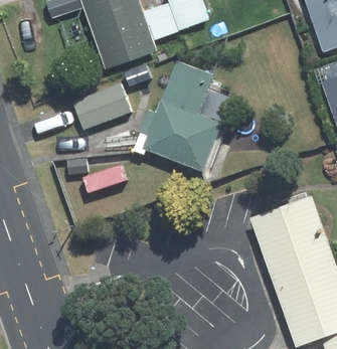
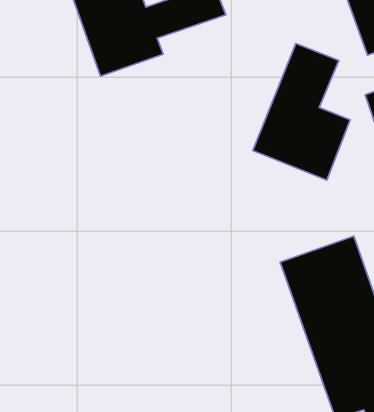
building: [143,61,222,173] -> [253,43,350,180]
building: [72,85,129,130] -> none

